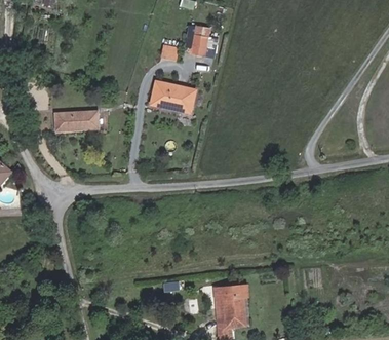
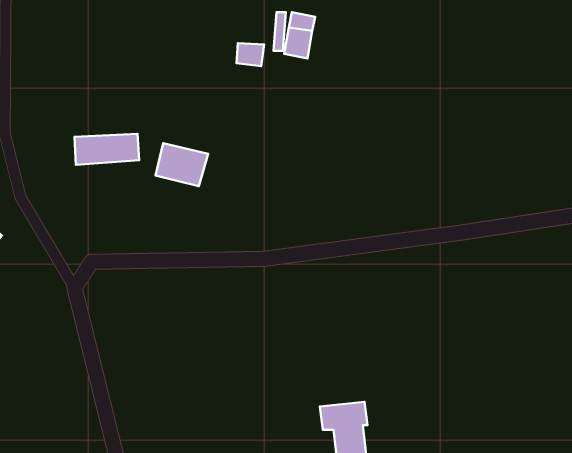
building: [151,84,186,113] -> [156,143,208,186]

